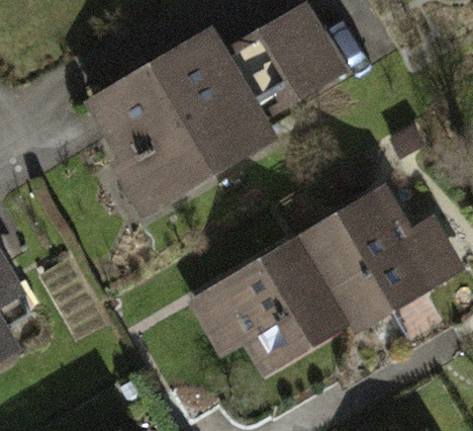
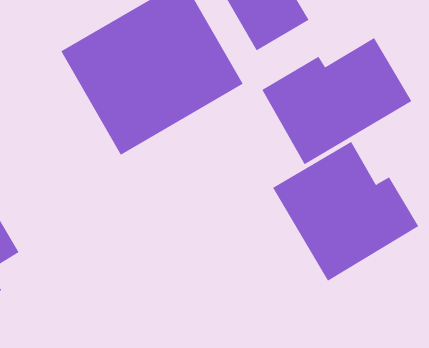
building: none -> [261,37,412,165]
building: [193,249,344,380] -> none

